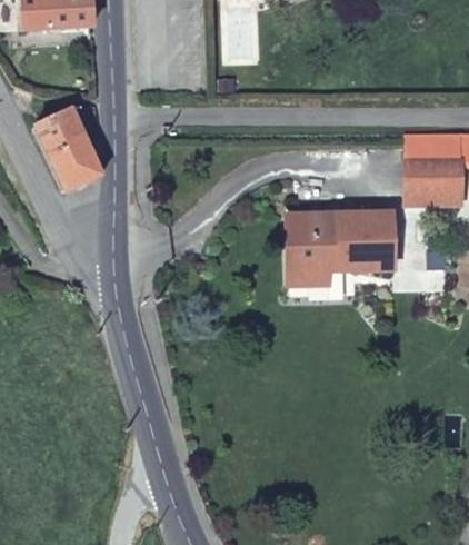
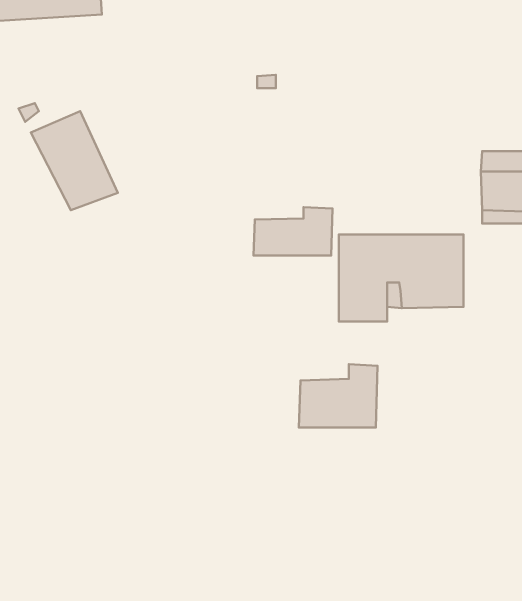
building: none -> [253,207,333,256]
building: none -> [299,364,377,427]

